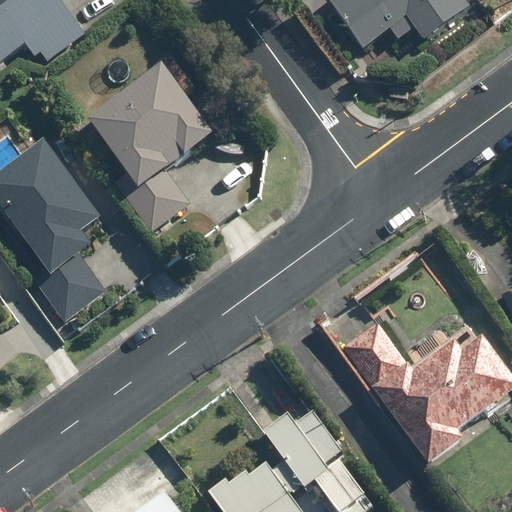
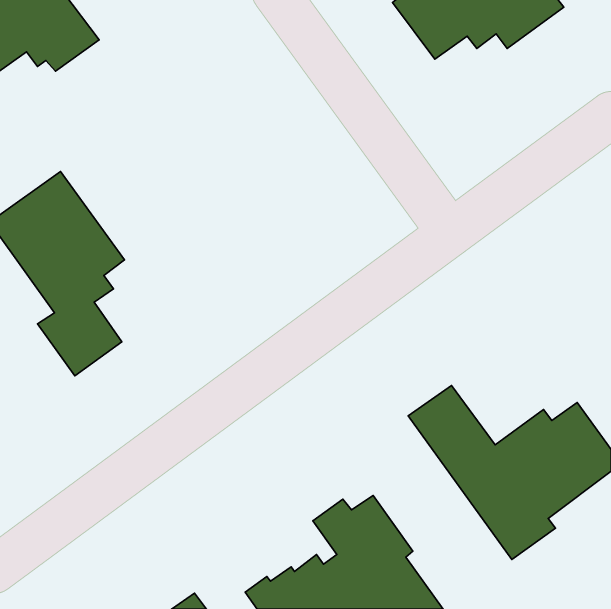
building: [87,55,214,237] -> none

